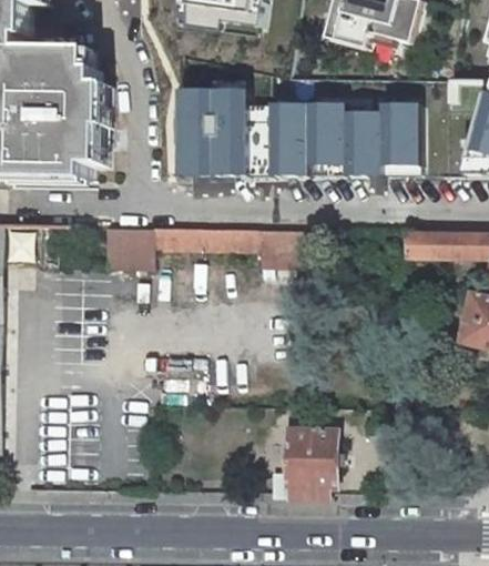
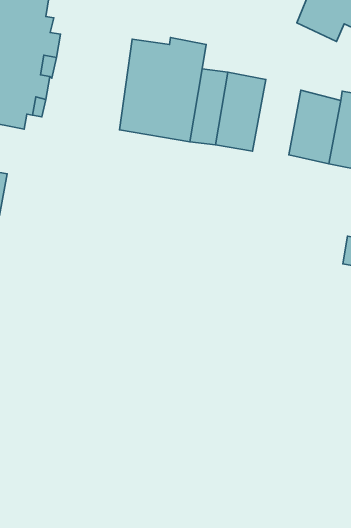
building: [305,99,340,168] -> none
building: [104,229,314,271] -> none
building: [271,431,336,502] -> none

